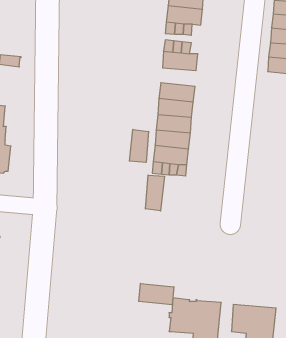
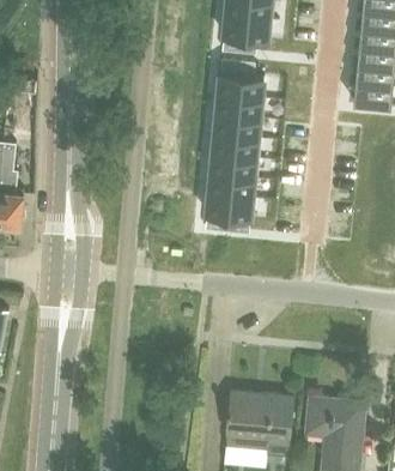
building: none -> [215,95,261,119]
building: [129,129,149,162] -> none
building: [145,175,164,211] -> none
building: [139,283,174,305] -> none

